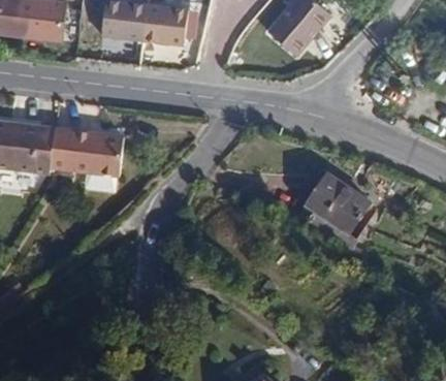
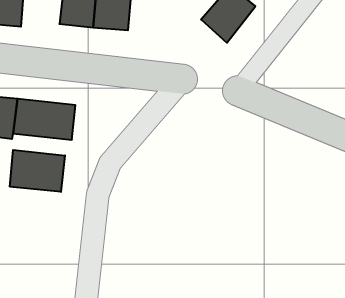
building: [294,171,368,251] -> none
building: none -> [10,150,65,192]

